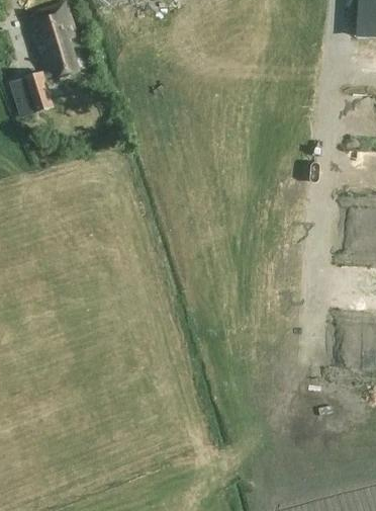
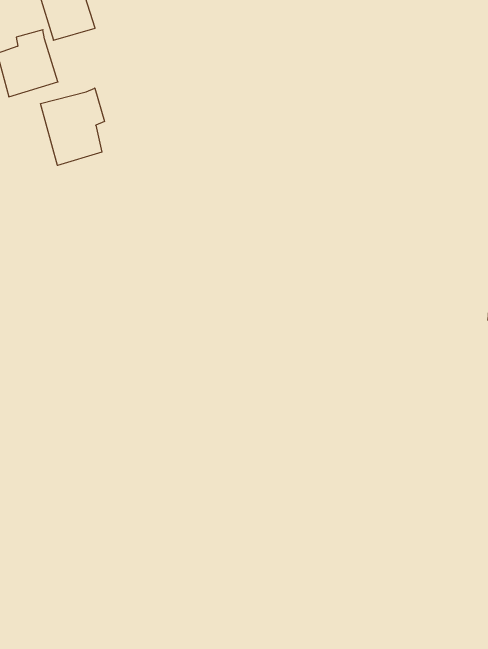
building: none -> [41,88,104,165]

